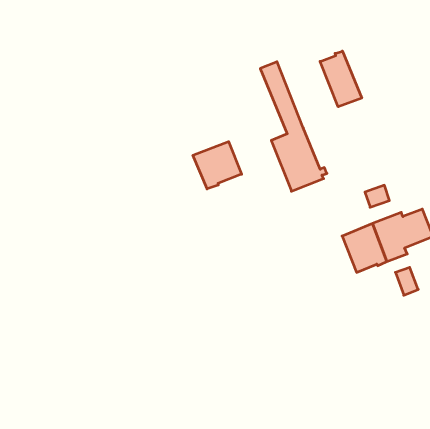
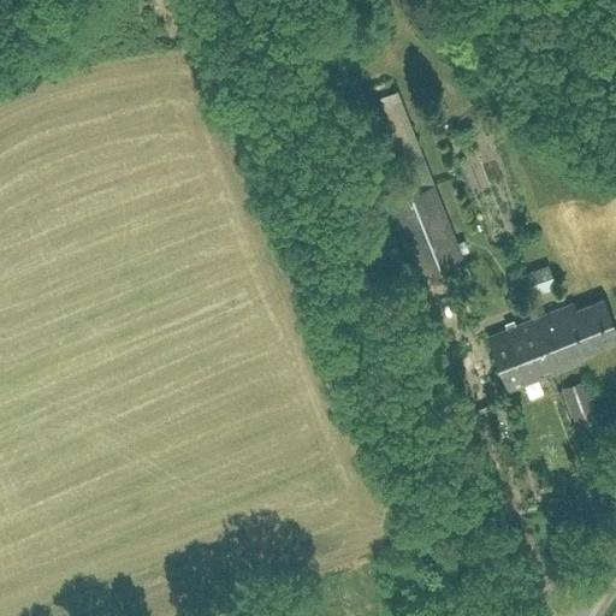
building: [320,51,362,107] -> none
building: [193,142,242,189] -> none

